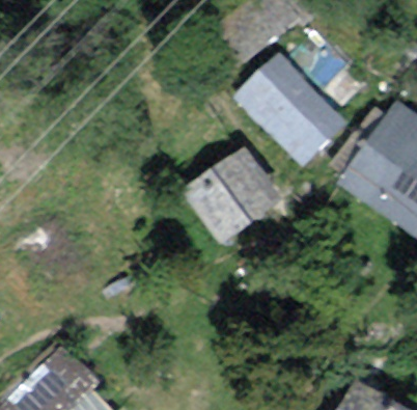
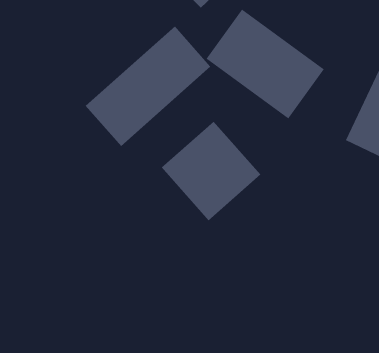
building: none -> [85,25,211,147]

